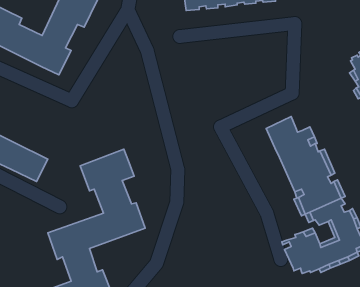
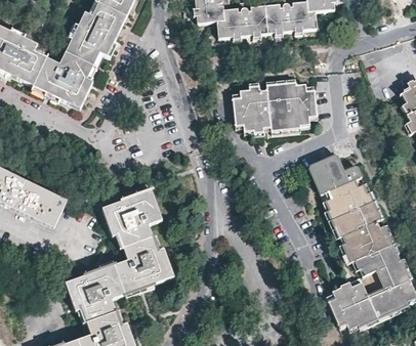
building: none -> [234,83,318,132]

